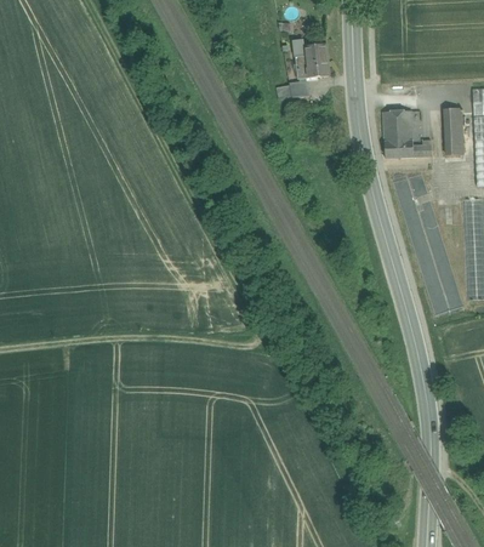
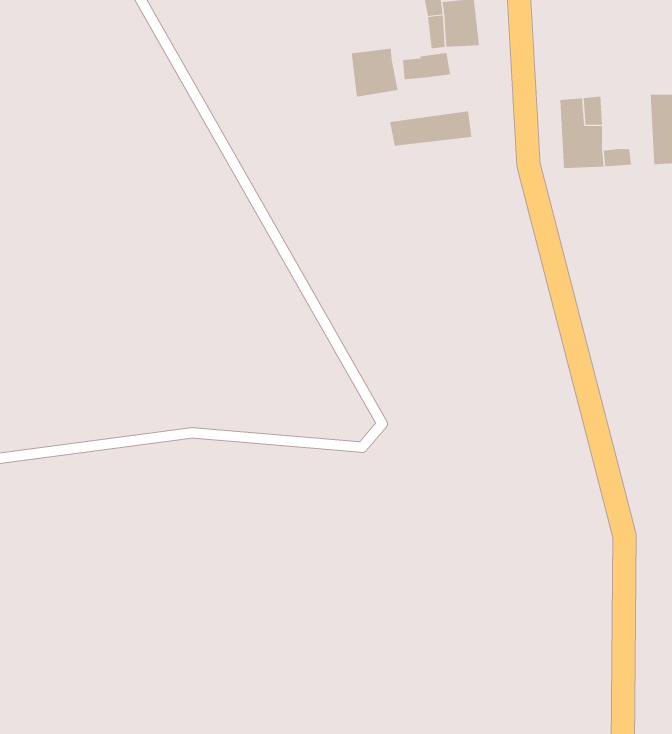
building: none -> [351,48,398,98]
building: none -> [389,111,472,146]

